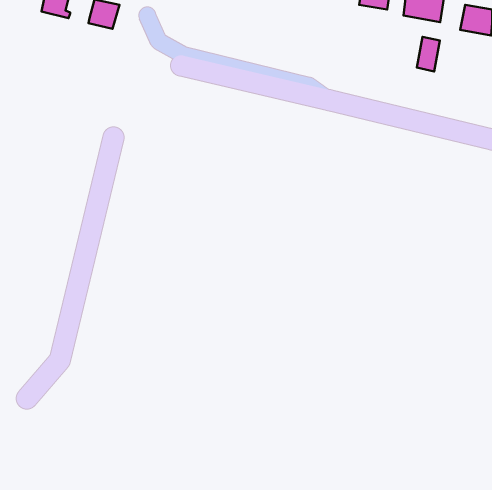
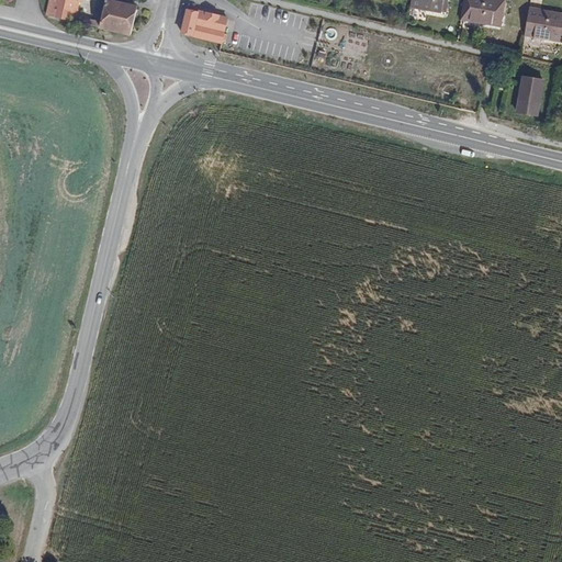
building: none -> [181,8,227,42]
building: [417,37,440,71] -> [517,75,543,114]

